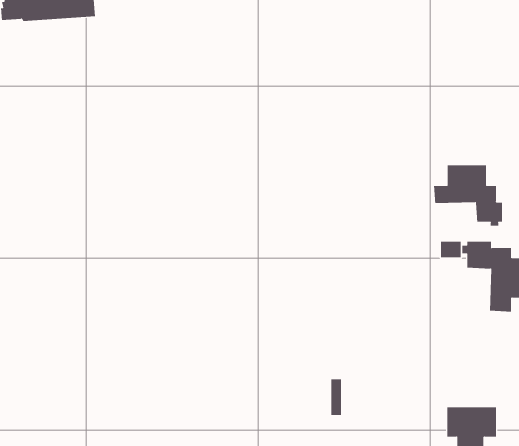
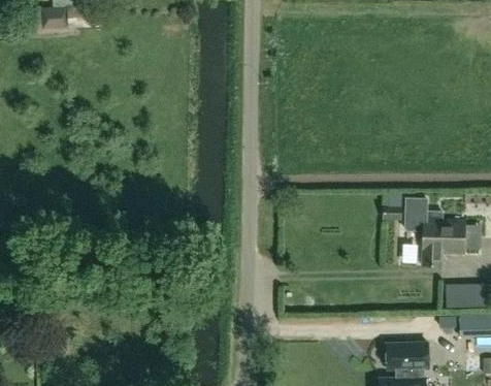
building: [434,165,502,227] -> none

